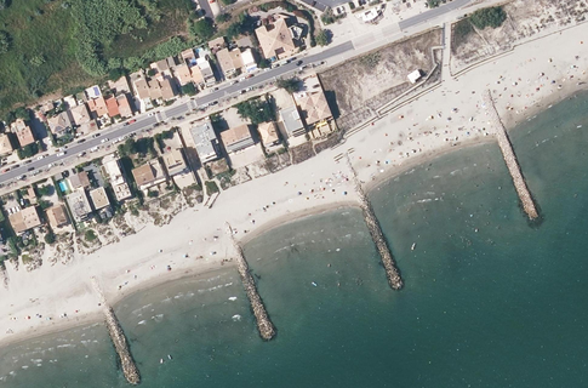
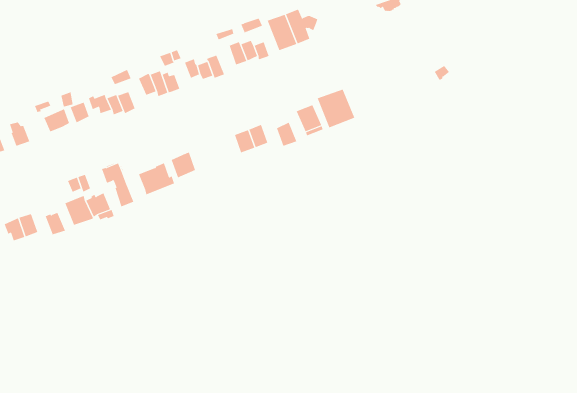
building: [189,124,221,165] -> none

